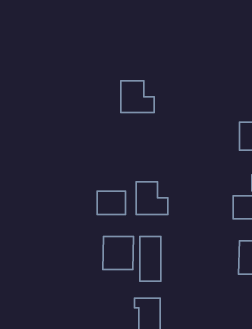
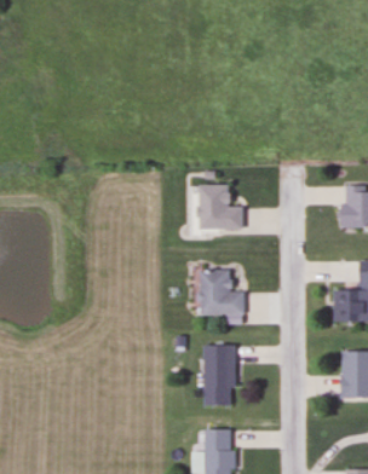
building: [121,81,154,113] -> [196,185,242,229]
building: [97,191,126,214] -> none
building: [103,237,133,270] -> none

